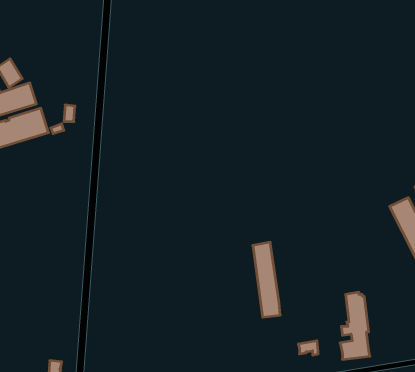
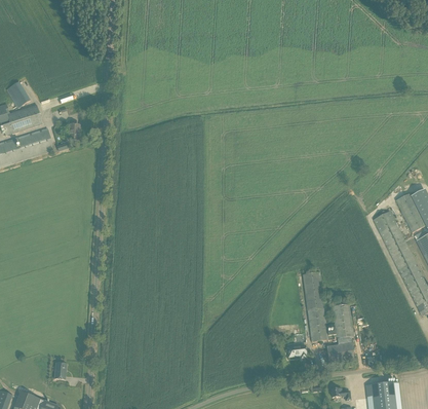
building: [253,242,280,317] -> [302,270,327,340]

